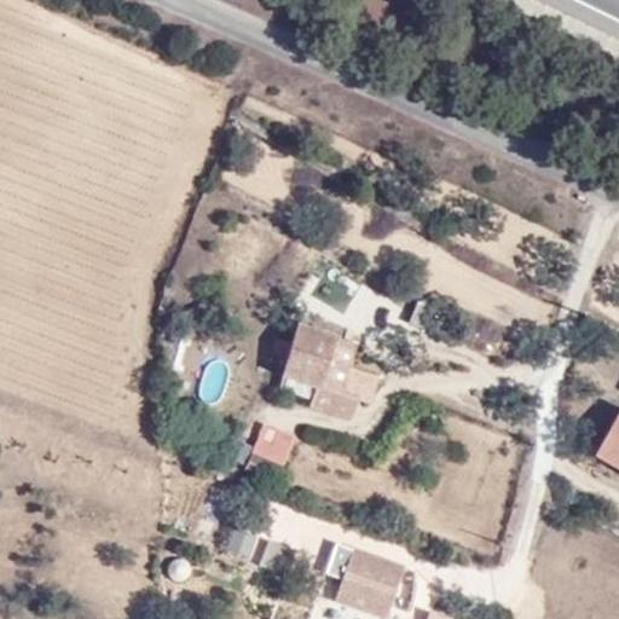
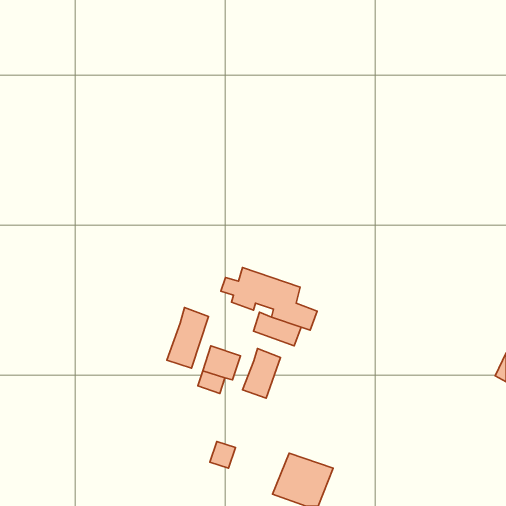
building: none -> [167,308,208,368]
building: none -> [243,348,280,398]

